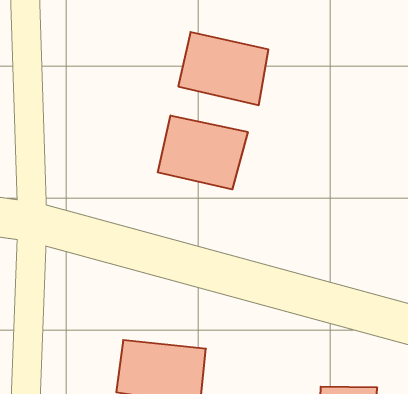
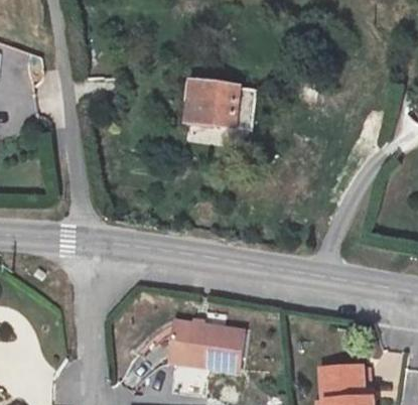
building: [158,115,248,189] -> none

